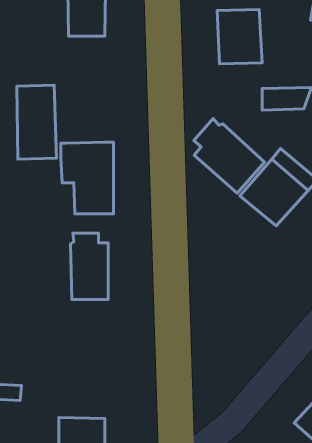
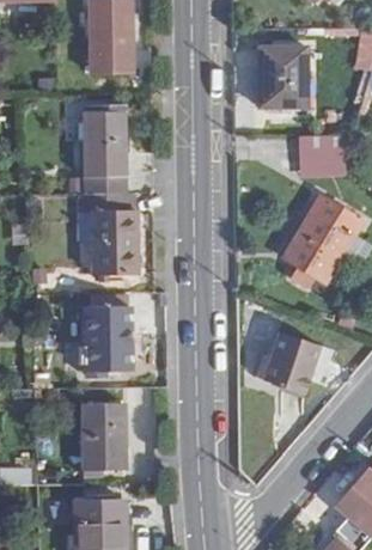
building: [17,85,56,159] -> [80,112,124,195]
building: [194,119,264,193] -> none
building: none -> [254,328,312,390]
building: none -> [81,405,126,470]

